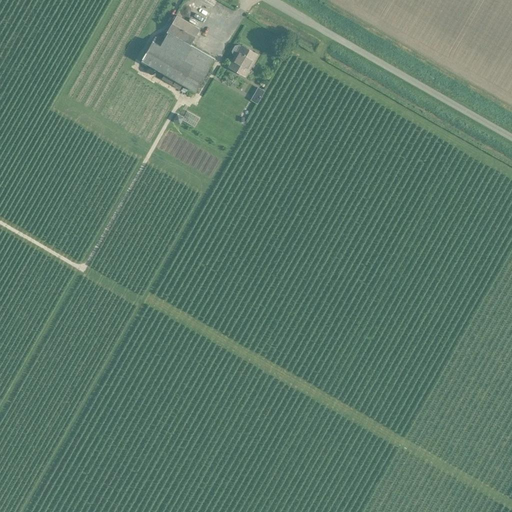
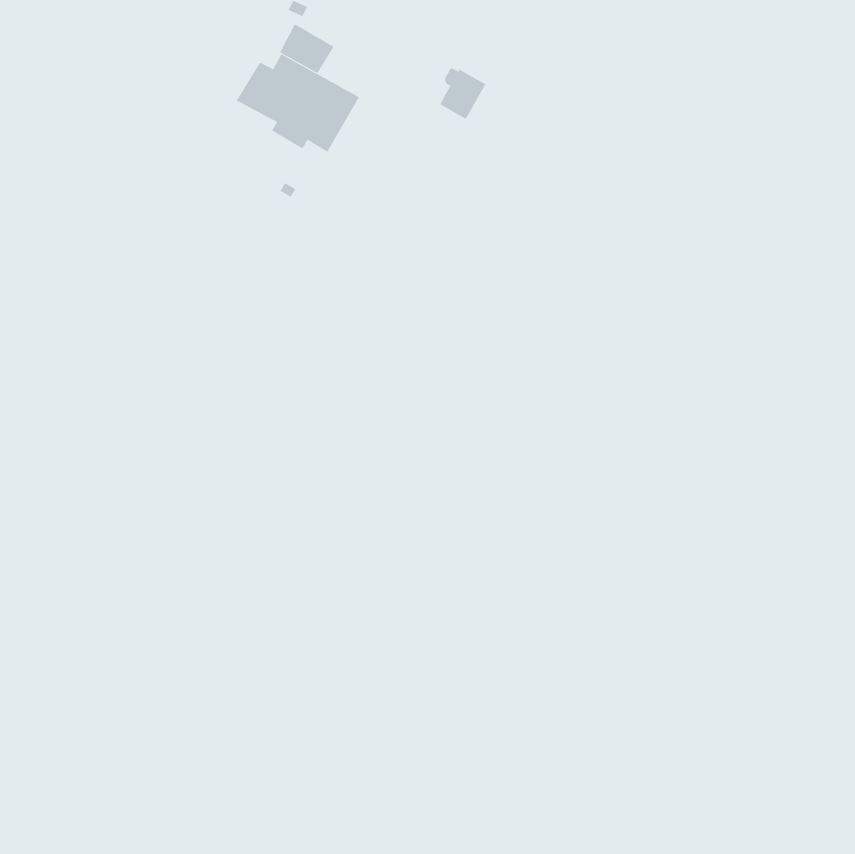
building: [229,44,257,75] -> [439,67,486,119]

